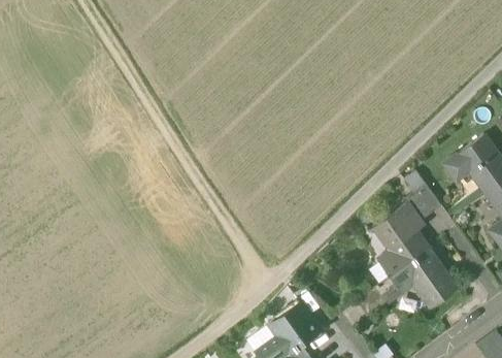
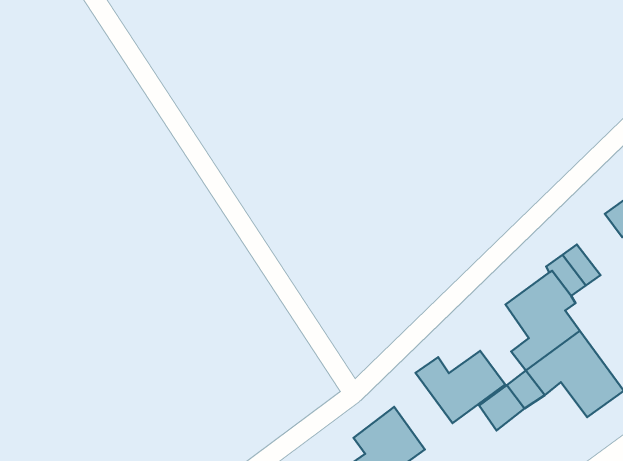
building: none -> [415,351,505,423]

